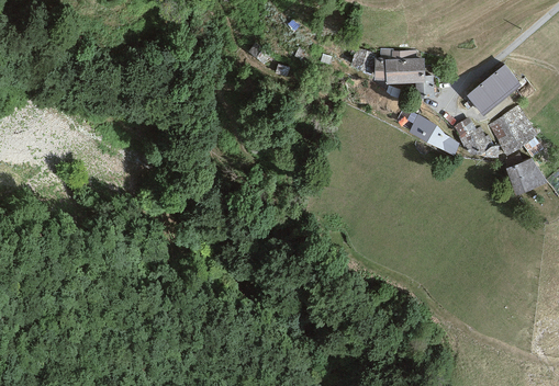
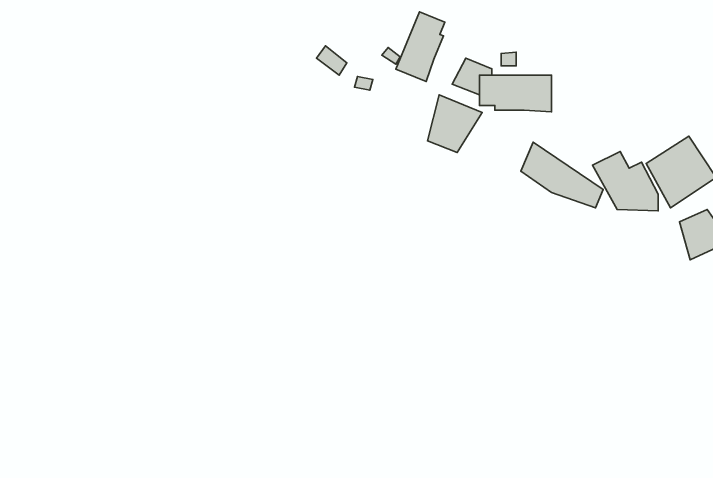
building: none -> [396,12,445,82]
building: [466,64,521,115] -> none
building: none -> [428,95,482,153]

